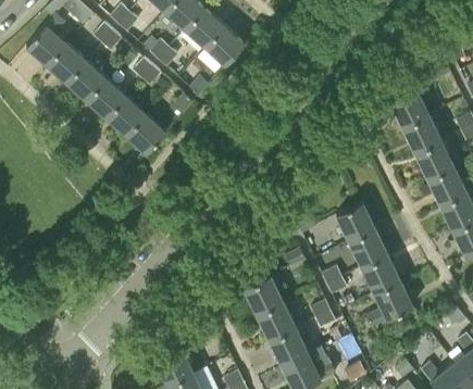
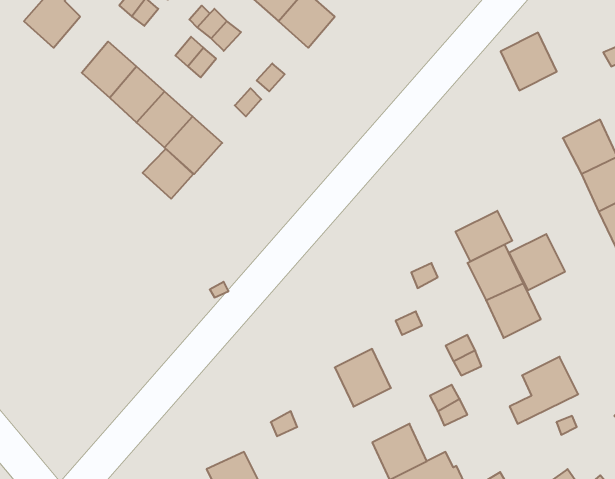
building: [48,43,86,83] -> none
building: [389,88,428,128] -> [501,33,557,90]
building: none -> [143,149,193,199]
building: none -> [456,211,512,261]
building: [361,254,400,293] -> [509,234,565,290]
building: [257,302,296,340] -> none

